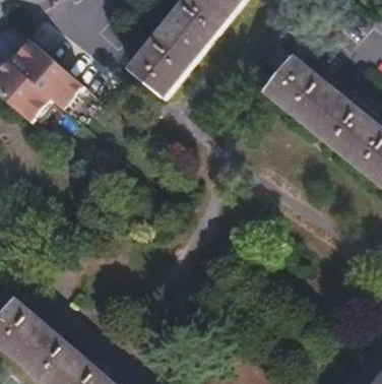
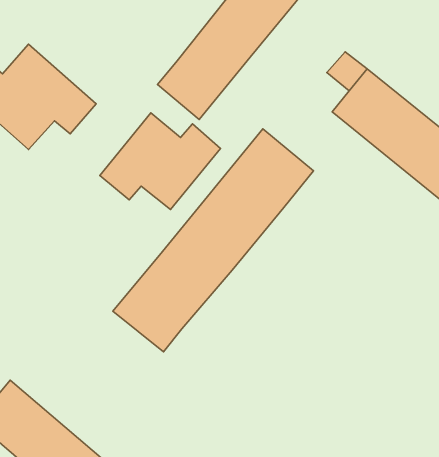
building: none -> [100,113,221,210]
building: none -> [113,129,314,352]

